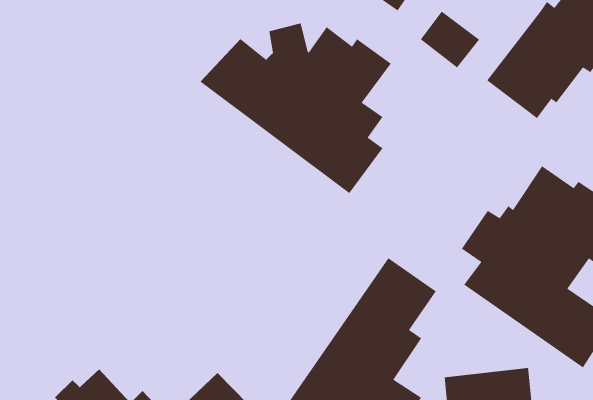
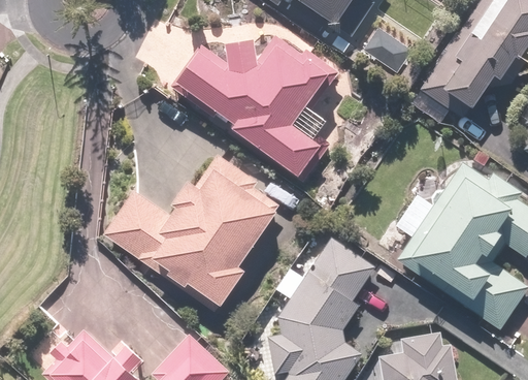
building: none -> [104,163,282,310]

